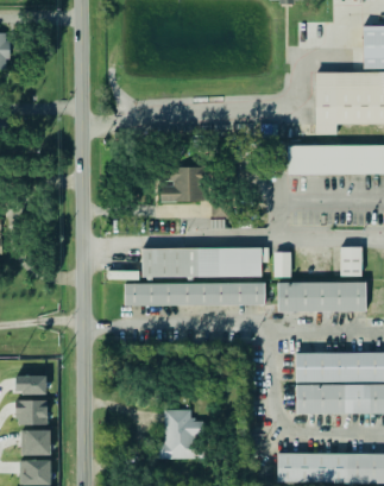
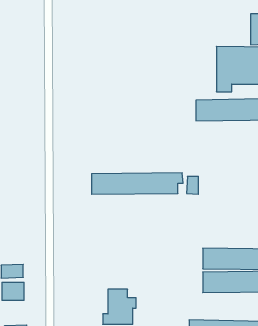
building: [159,165,208,202] -> none
building: [340,246,361,276] -> none
building: [124,282,265,305] -> none
building: [277,282,366,311] -> none
building: [20,429,51,454] -> none

